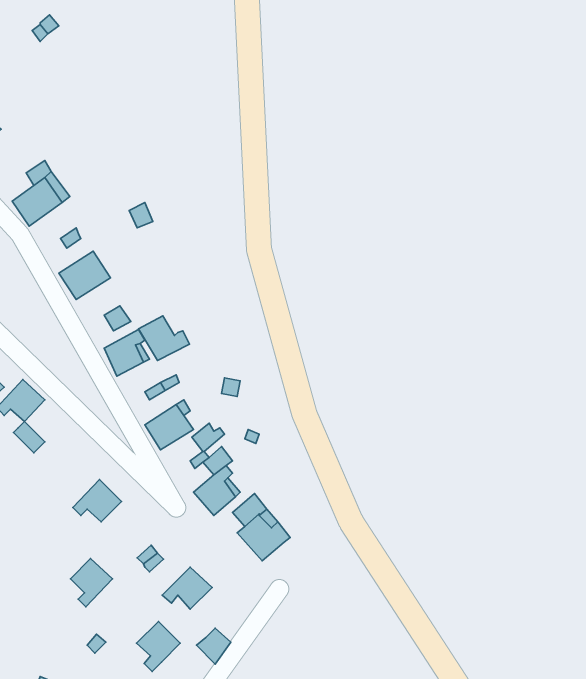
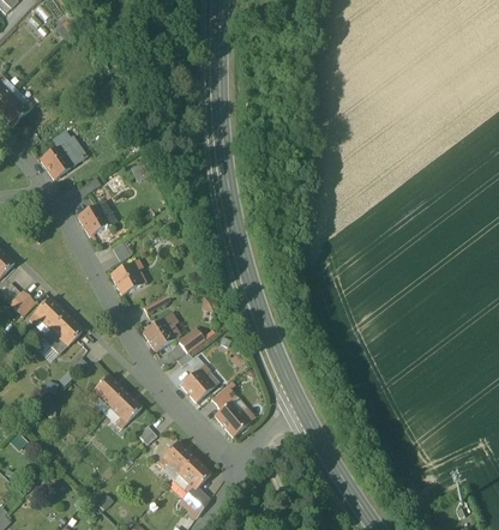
building: [138,316,189,361] -> none
building: none -> [50,313,83,345]
building: [70,558,113,607] -> [109,391,142,428]
building: [136,621,180,671] -> [178,457,211,495]

